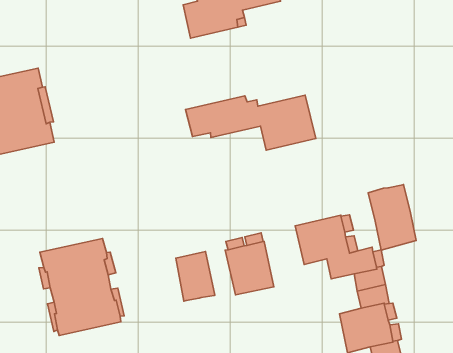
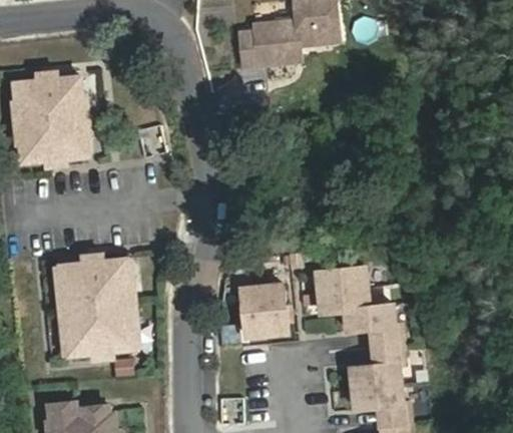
building: [186,95,316,150] -> none
building: [368,184,416,250] -> none
building: [176,251,215,301] -> none

